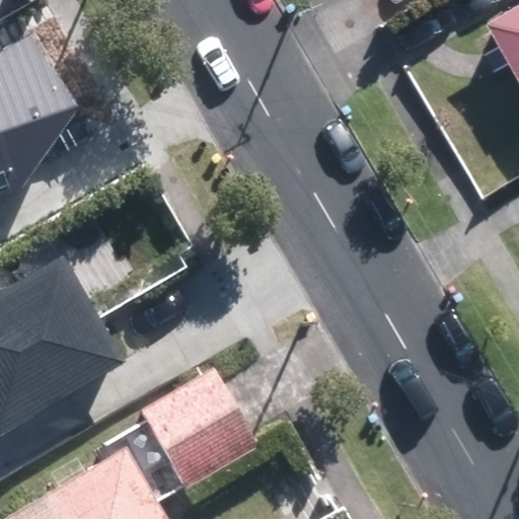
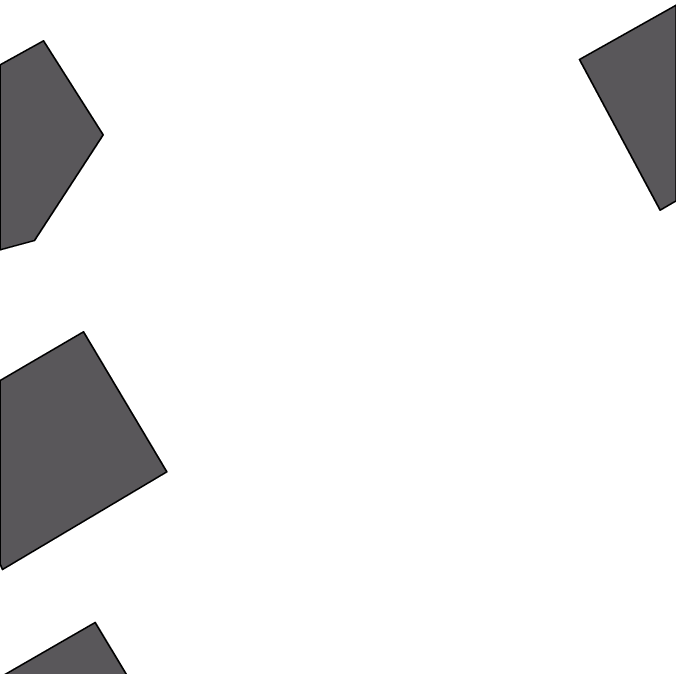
building: [104,392,215,505] -> none

